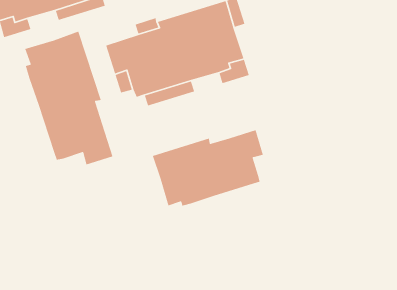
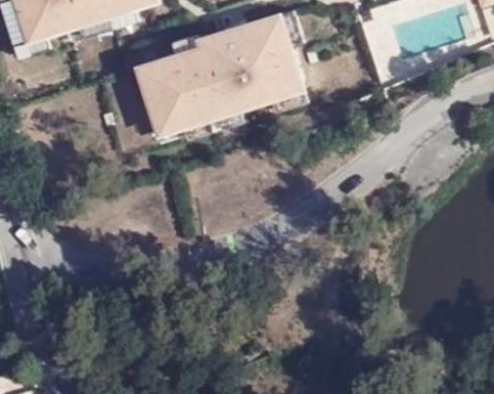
building: [24,31,113,165] -> none
building: [152,129,264,207] -> none

